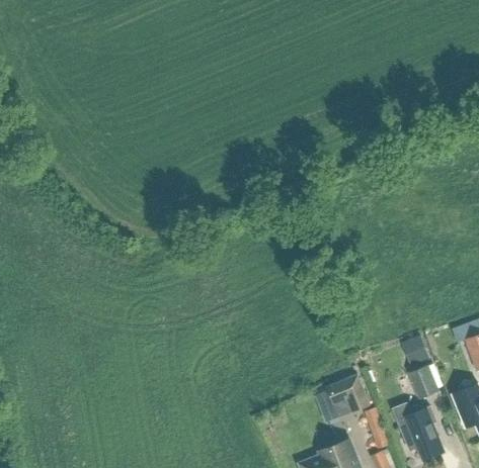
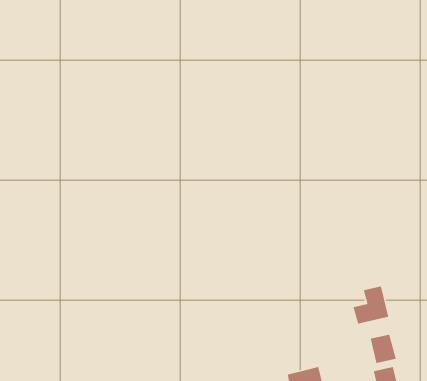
building: none -> [353,285,389,324]

